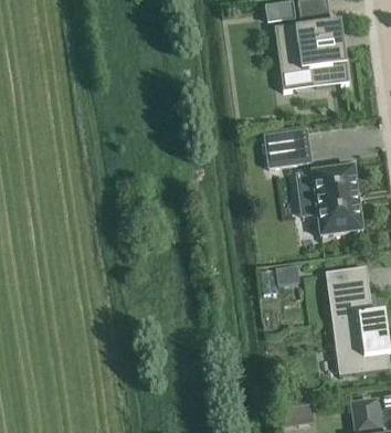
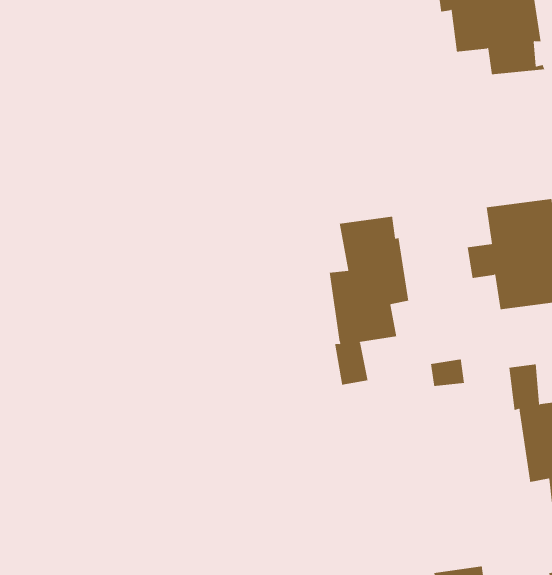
building: [263,128,309,167] -> none
building: none -> [329,216,409,385]

